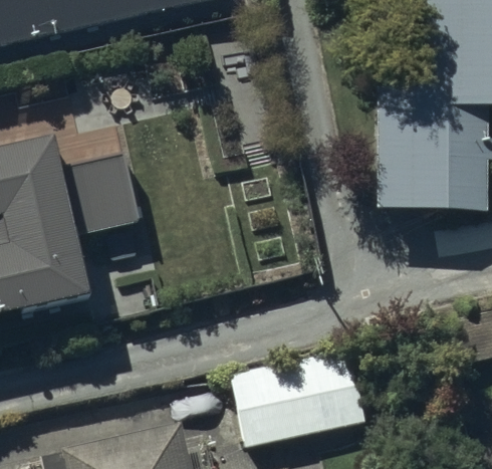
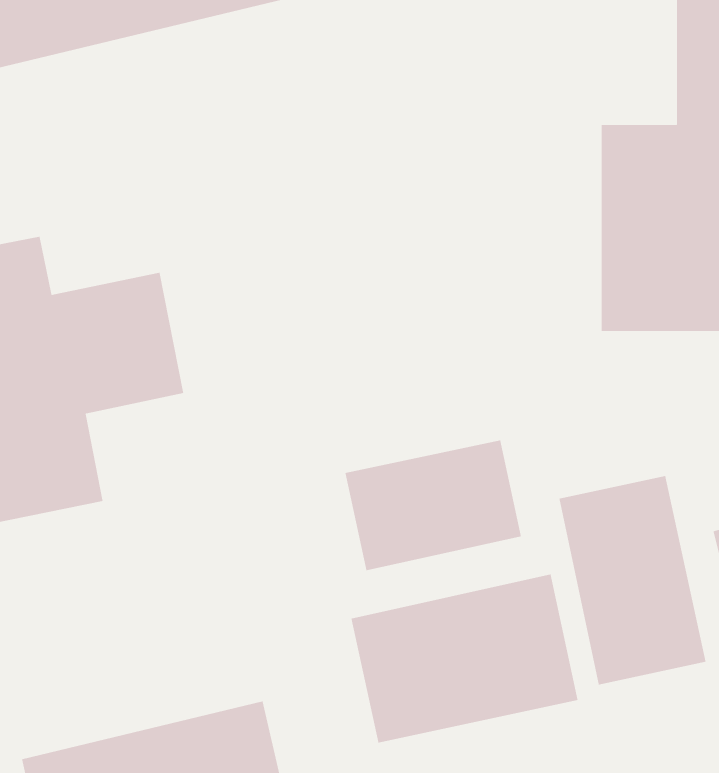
building: none -> [345,440,522,571]
building: none -> [559,475,707,686]

